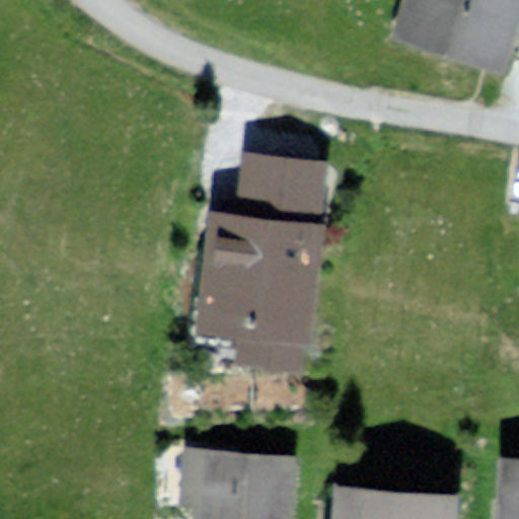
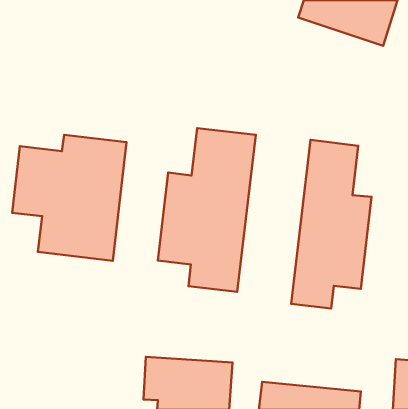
building: none -> [12,135,127,261]
building: none -> [291,140,372,308]

